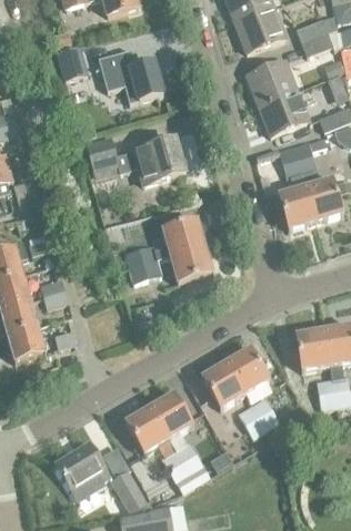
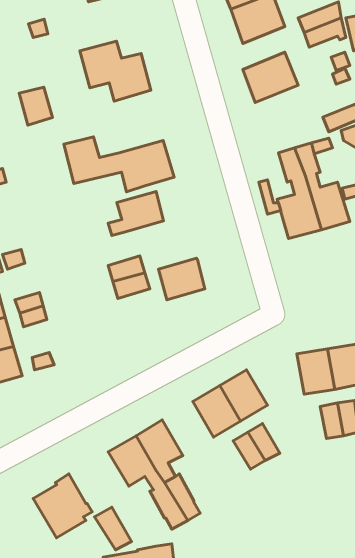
building: [58,47,88,81] -> [19,87,52,125]
building: [258,90,309,135] -> none
building: [154,219,204,259] -> [108,191,163,235]

